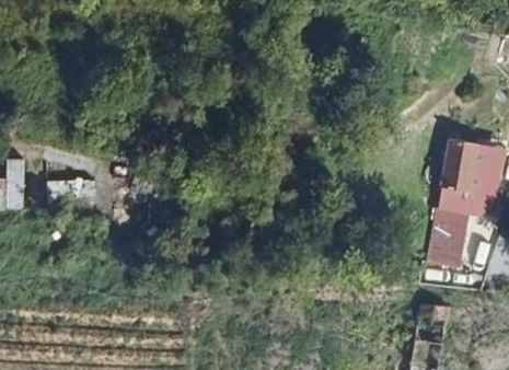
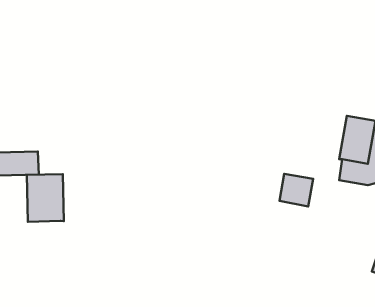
building: none -> [27,174,64,222]
building: [432,212,471,250] -> [279,174,313,207]

